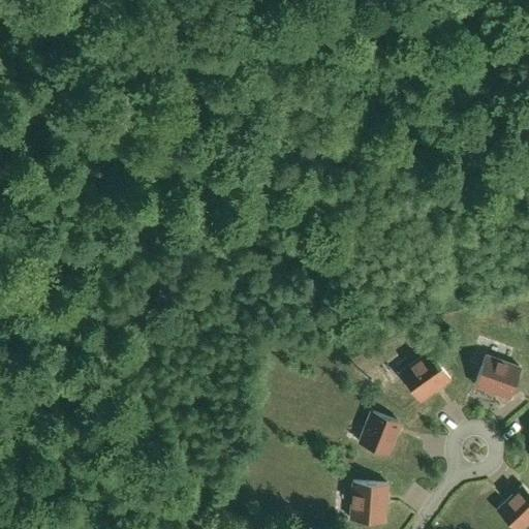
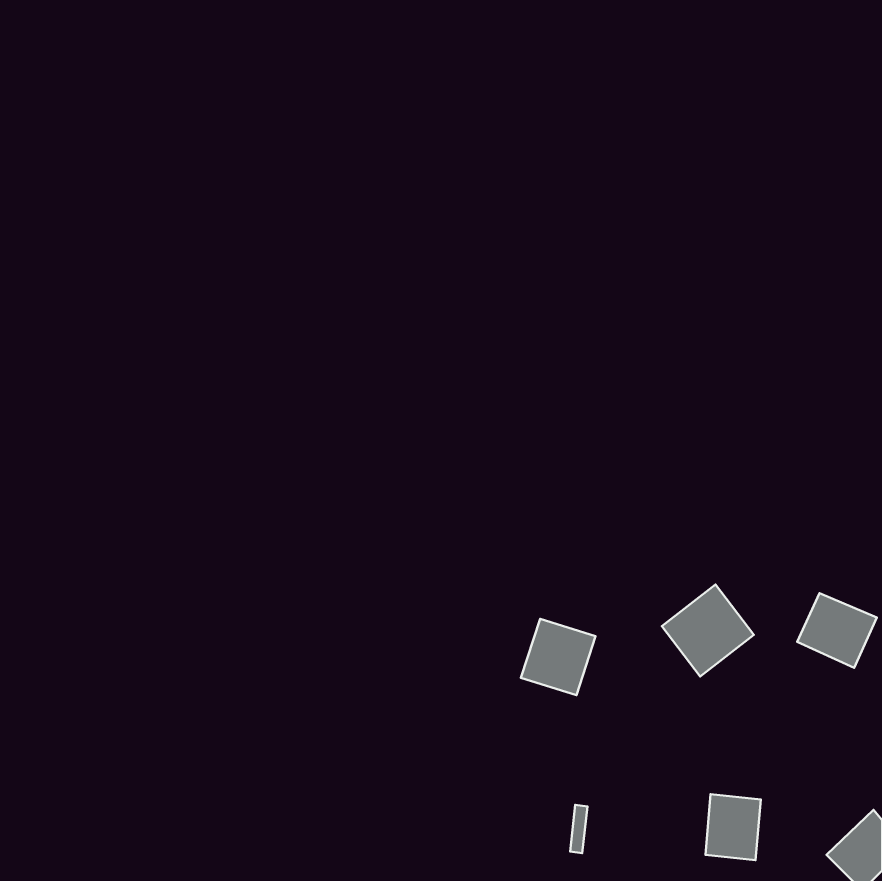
building: [357,411,402,457] -> [521,619,595,695]
building: [352,483,385,522] -> [705,794,761,860]

